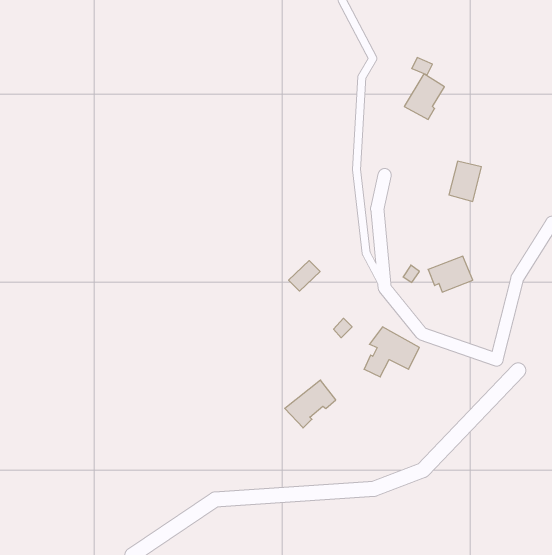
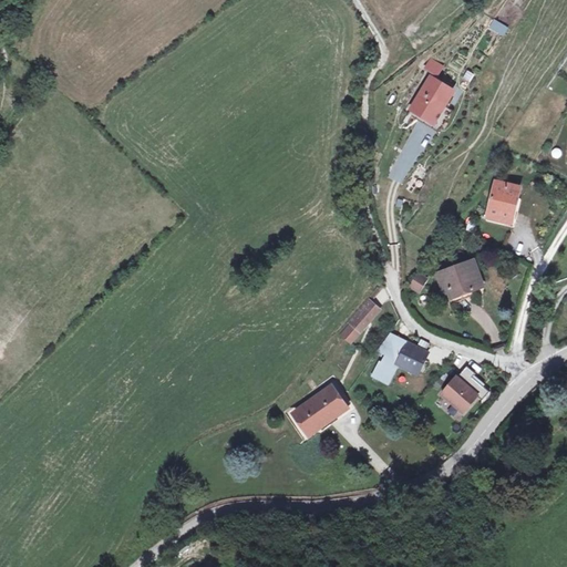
building: [449,161,481,201] -> [489,178,523,219]
building: [289,261,320,291] -> [348,302,380,333]
building: none -> [440,367,487,413]

